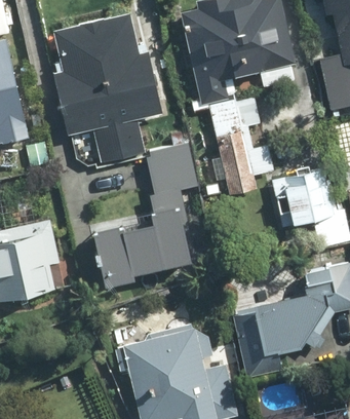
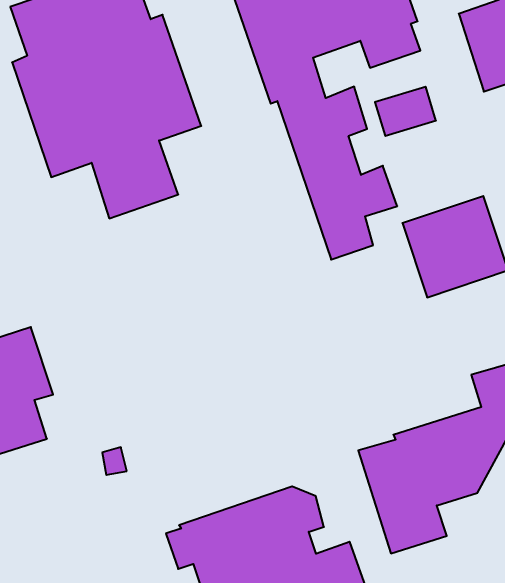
building: [98,144,196,282] -> none

